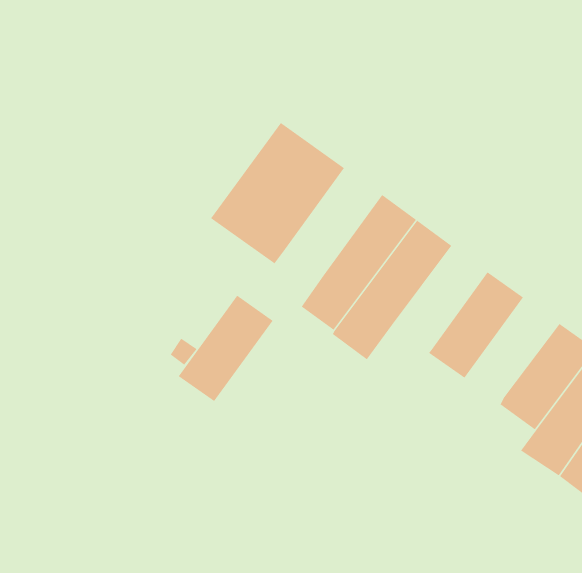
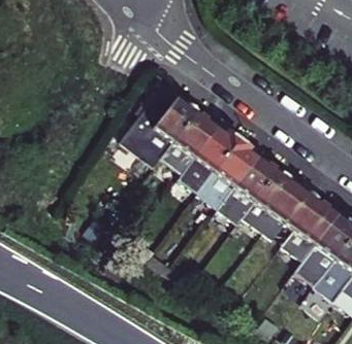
building: none -> [228,158,281,216]
building: [178,295,274,402] -> [168,114,222,174]
building: none -> [268,186,321,242]

